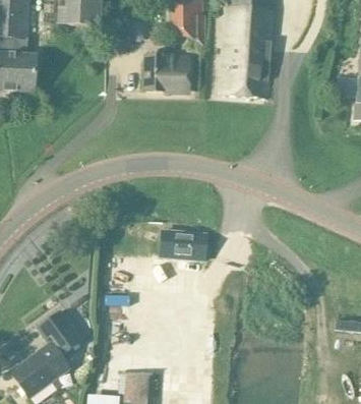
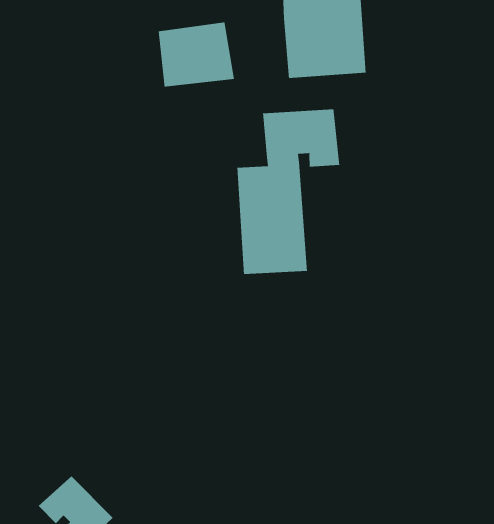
building: none -> [237,108,340,275]
building: [160,229,205,258] -> none

